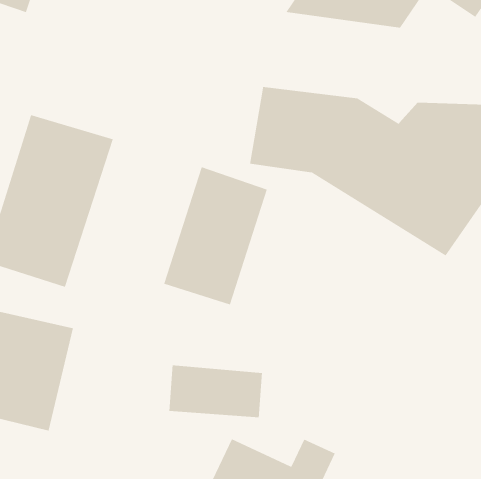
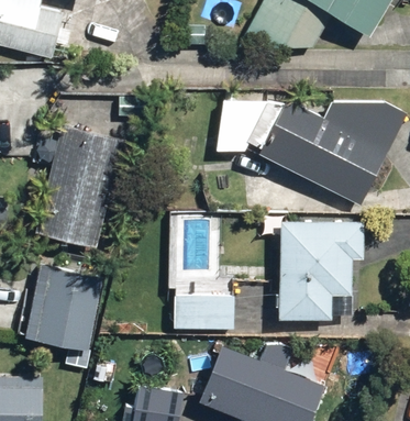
building: [163,166,268,305] -> none
building: none -> [276,222,366,322]

